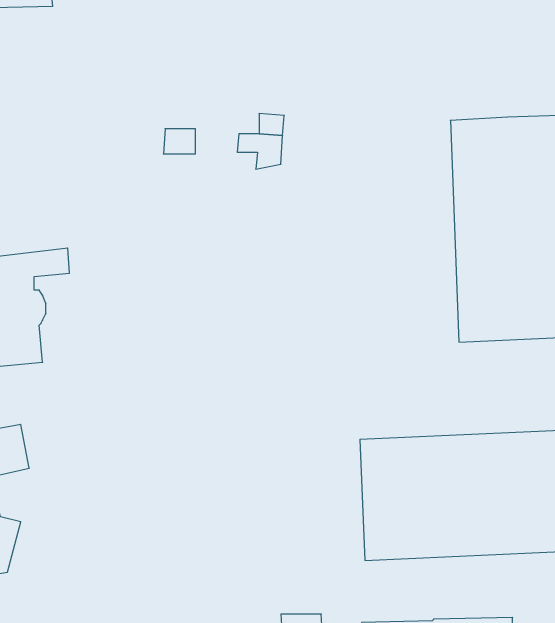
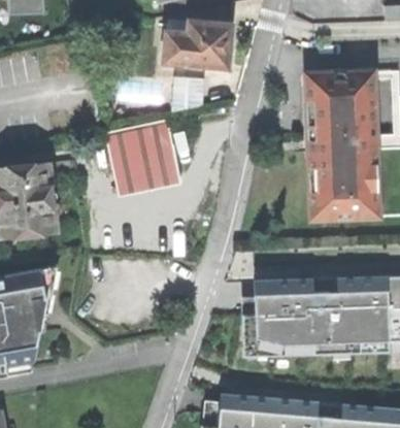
building: none -> [165,24,233,69]
building: none -> [102,122,177,192]

